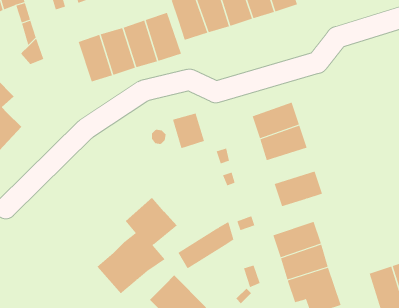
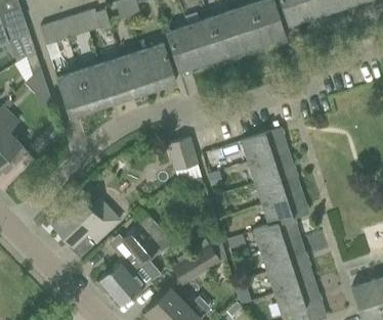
building: none -> [56,71,91,116]
building: none -> [255,170,301,203]
building: none -> [52,196,120,244]
building: none -> [254,218,300,252]

